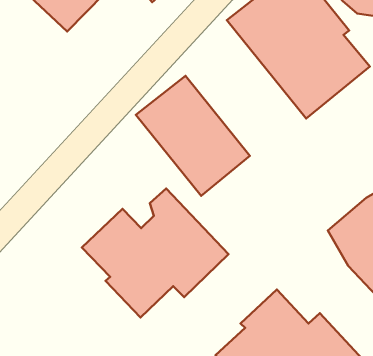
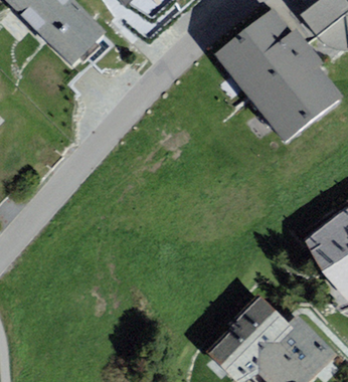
building: [136,76,250,196] -> none
building: [82,188,228,317] -> none

